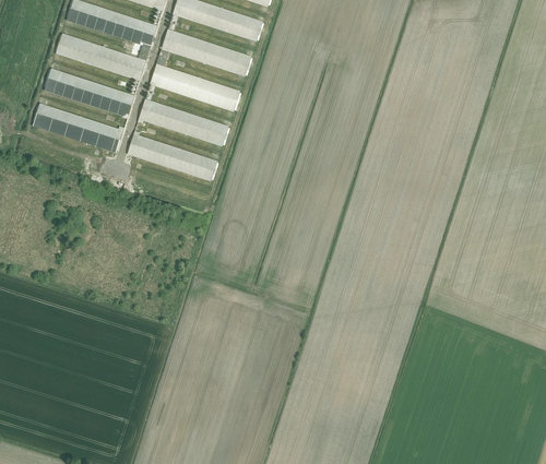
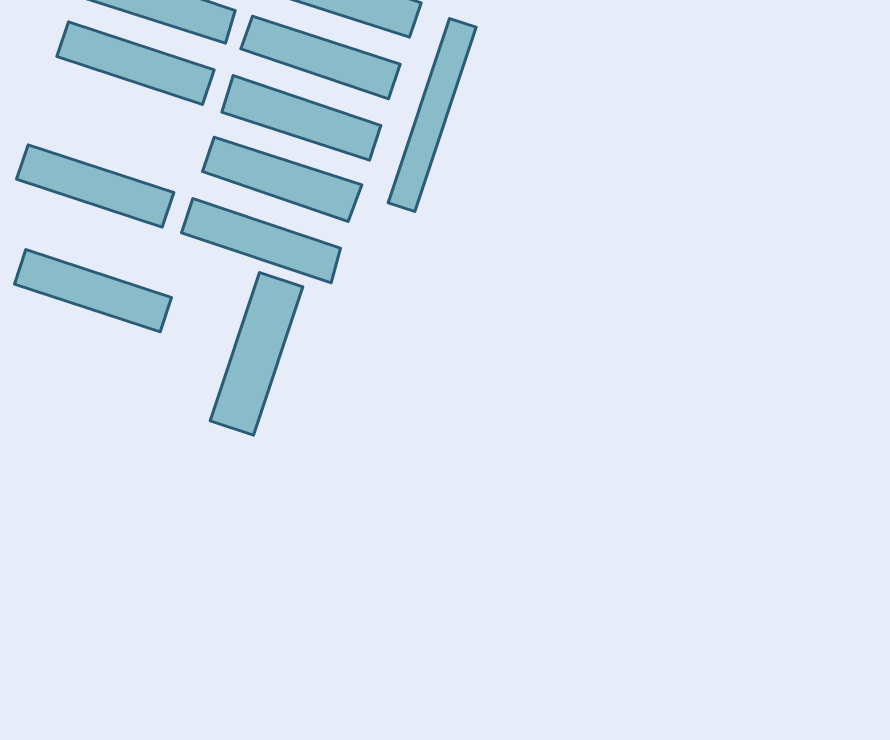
building: none -> [388,19,476,211]
building: [45,69,134,116] -> [14,250,172,332]
building: none -> [210,273,303,435]

